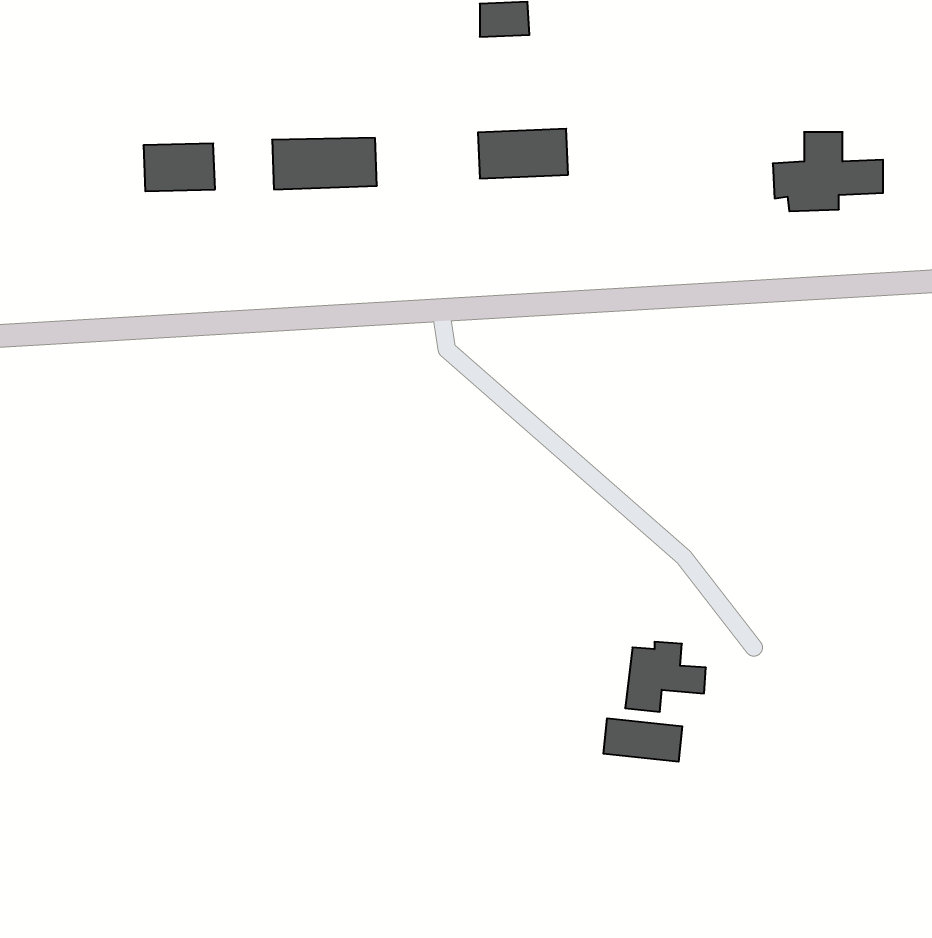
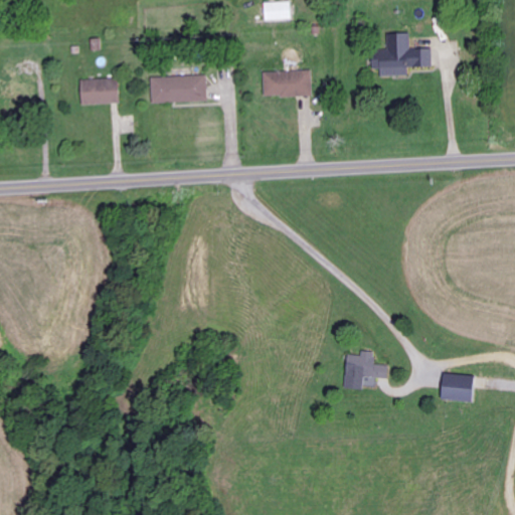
building: [773,132,883,211] -> [370,33,431,76]
building: none -> [441,374,473,402]
building: [603,718,682,762] -> none

